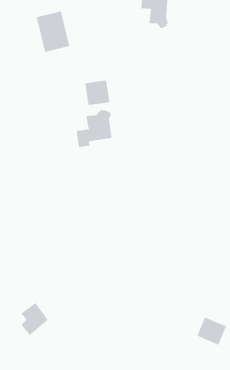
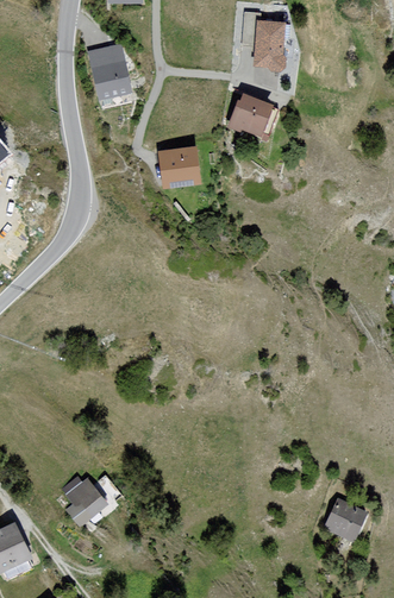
building: none -> [231,95,274,137]
building: [76,109,112,148] -> none

